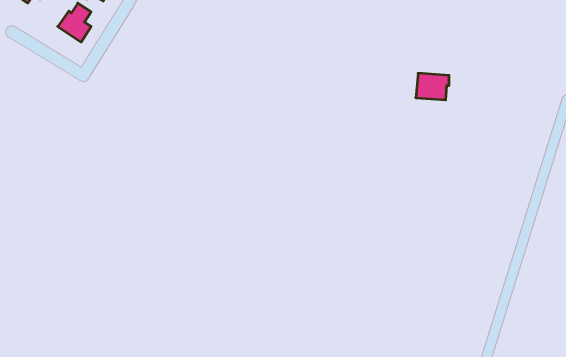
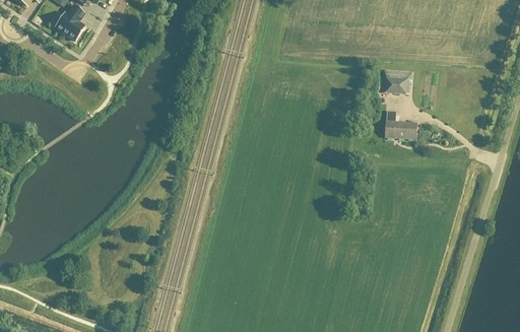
building: none -> [385,120,416,138]

